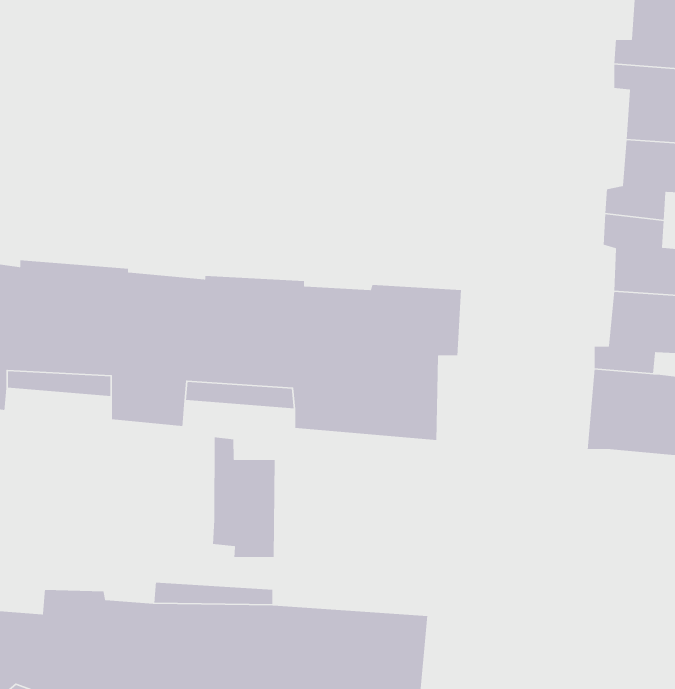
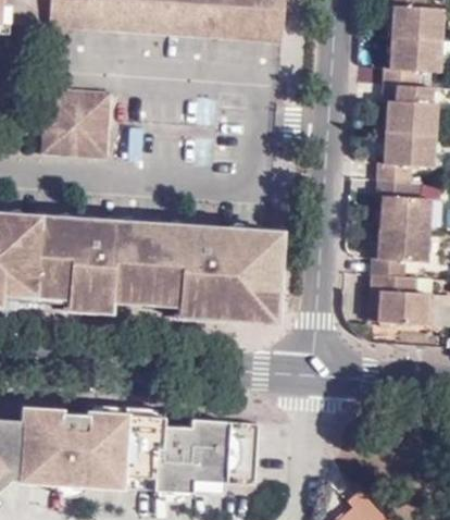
building: none -> [49,85,116,153]
building: [212,436,276,558] -> none

